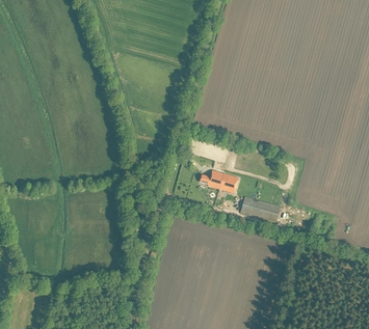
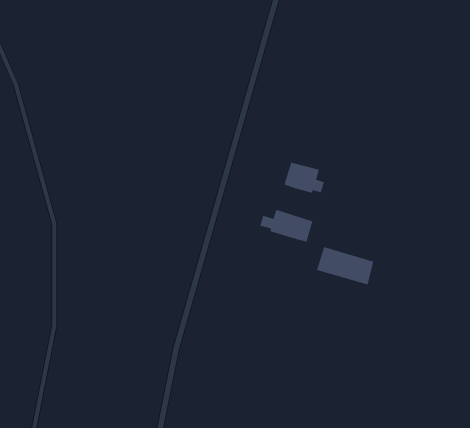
building: none -> [284,162,325,194]

